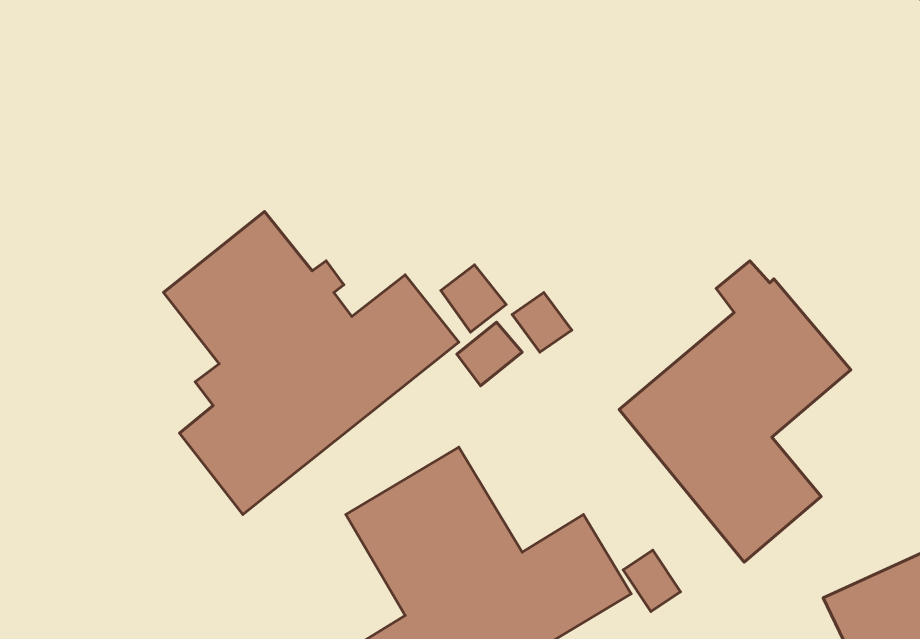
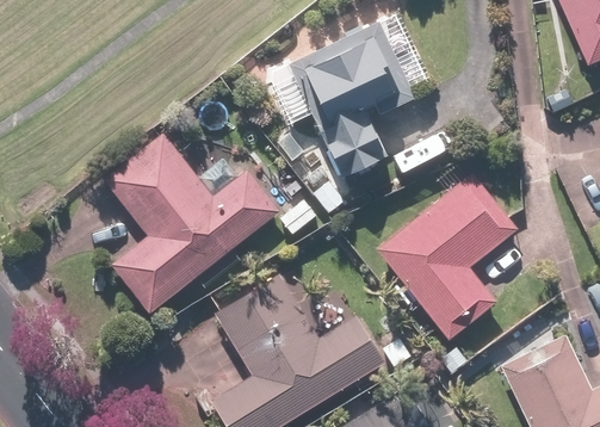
building: none -> [264,16,425,180]

